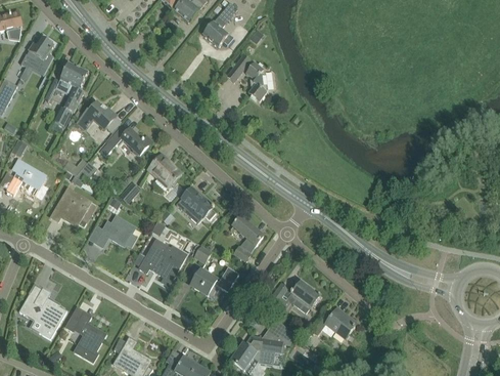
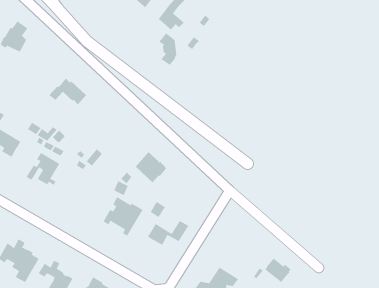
building: [54,62,88,126] -> none
building: [245,62,267,100] -> [159,32,177,65]
building: [99,127,151,157] -> none
building: [148,154,181,190] -> none
building: [95,213,136,246] -> none
building: [232,216,263,261] -> none
building: [270,281,319,312] -> none

